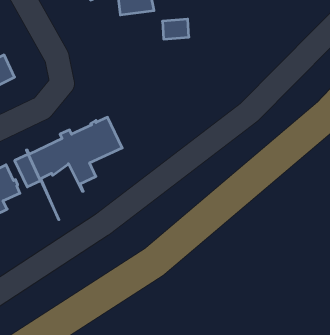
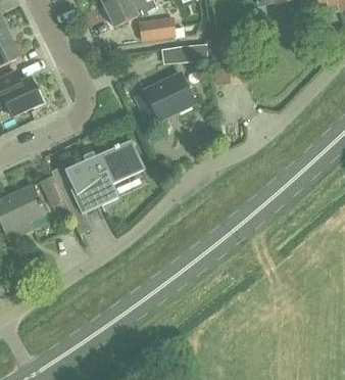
building: none -> [134,73,194,120]

